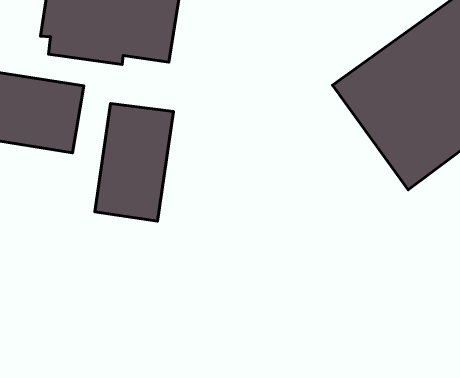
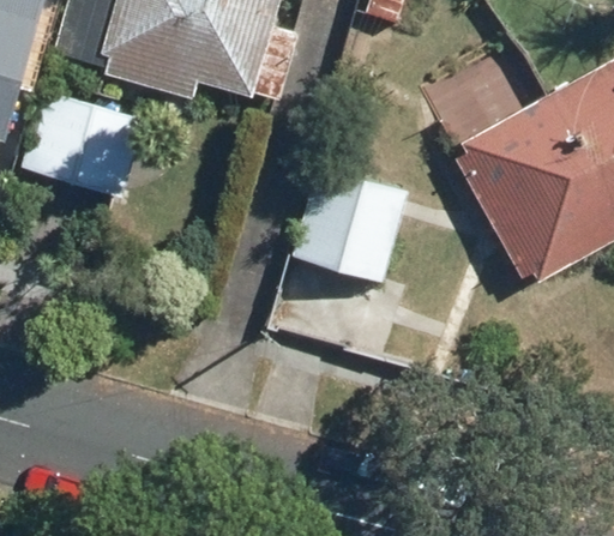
building: [95,103,173,221] -> none
building: none -> [291,163,410,281]

